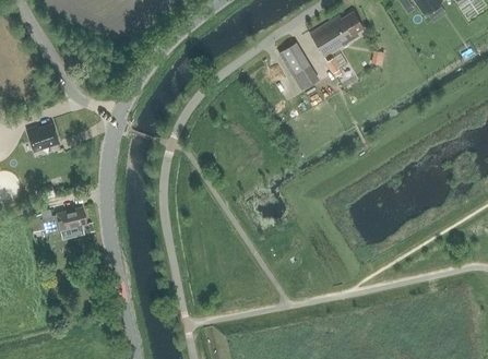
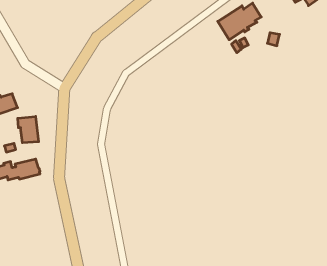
building: [279,39,320,88] -> none
building: none -> [18,116,39,143]

